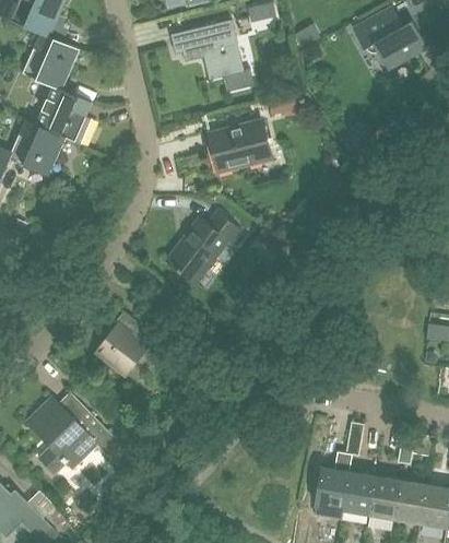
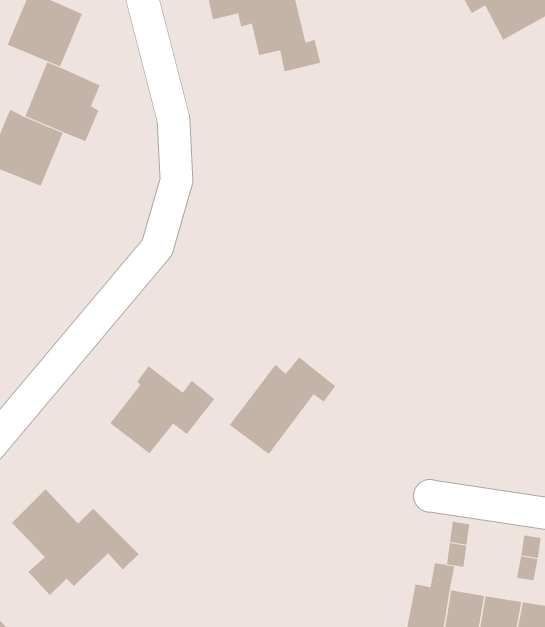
building: [208,120,273,175] -> none
building: [166,212,245,284] -> [229,357,336,455]

